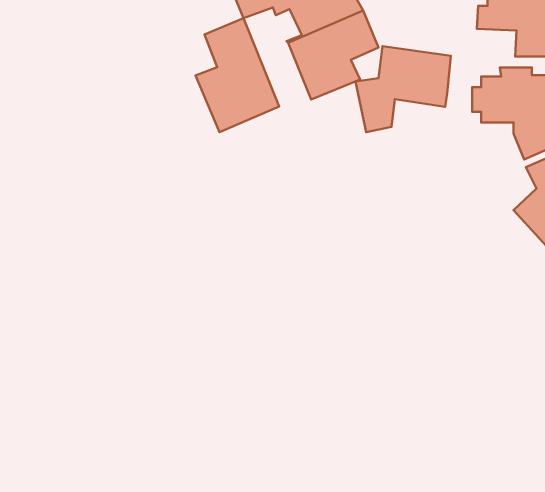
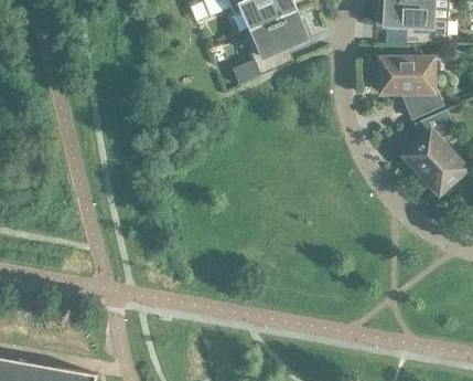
building: [195,18,279,132] -> none
building: [355,46,451,132] -> none

